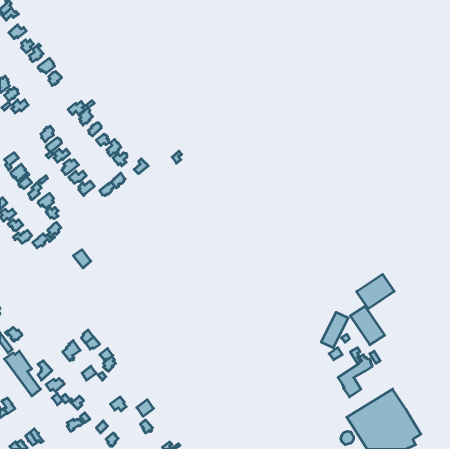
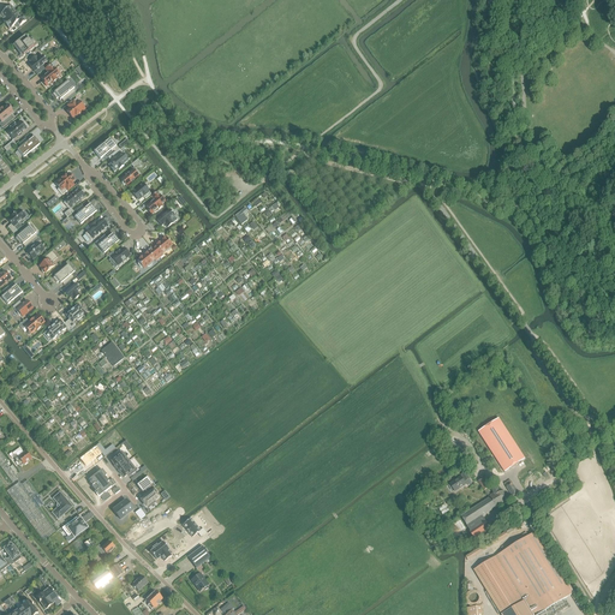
building: [357,274,394,309] -> none
building: [321,312,348,348] -> none

